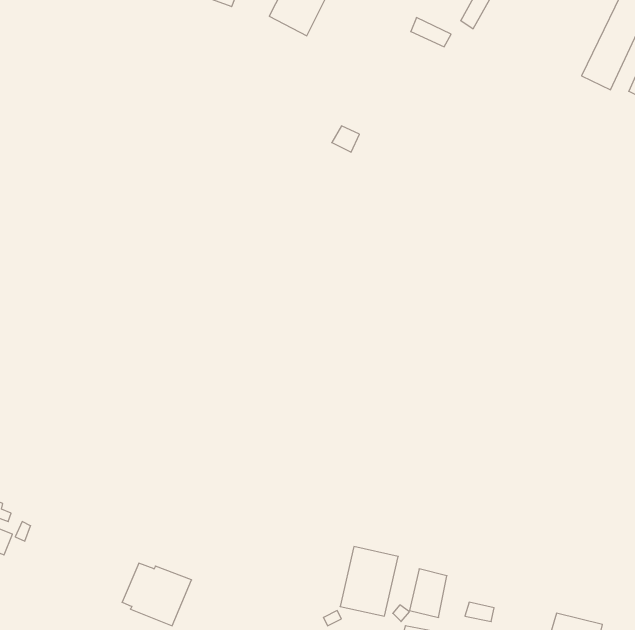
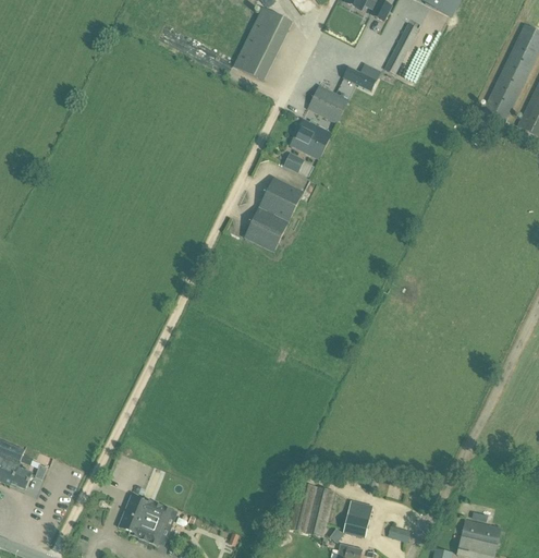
building: none -> [308,85,350,123]
building: none -> [291,119,333,159]
building: none -> [245,178,304,252]
building: none -> [460,518,500,544]

